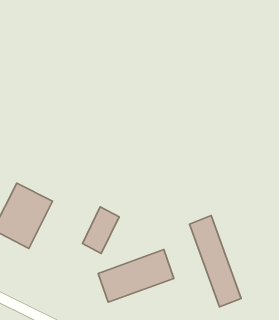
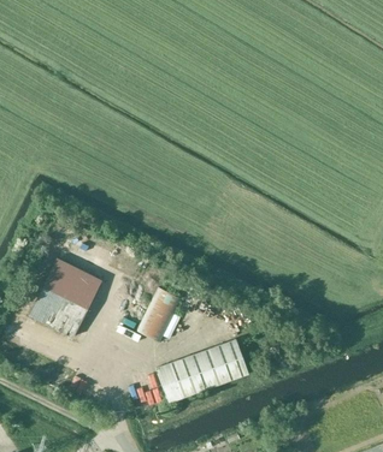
building: [189,216,241,307] -> none

